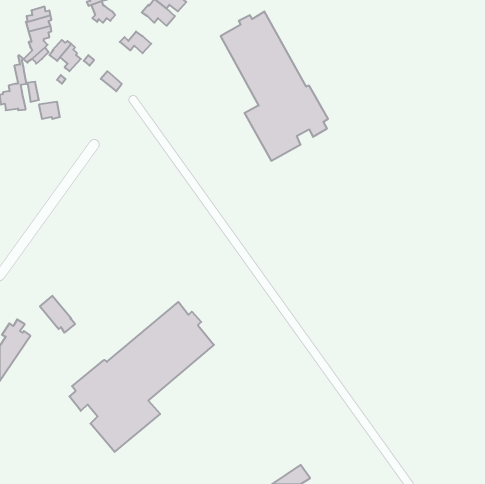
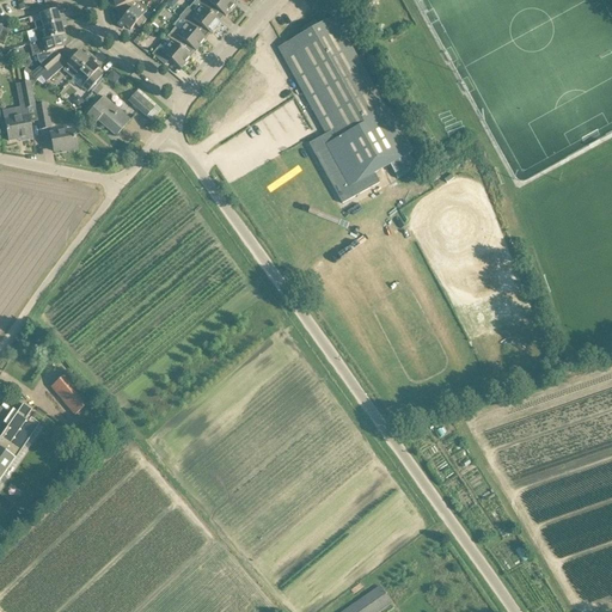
building: none -> [165,20,204,49]
building: none -> [82,94,129,135]
building: [69,302,214,452] -> none

